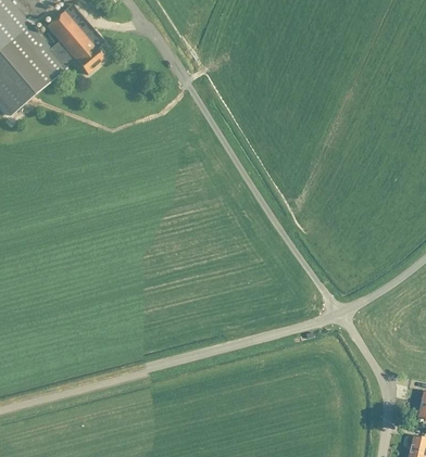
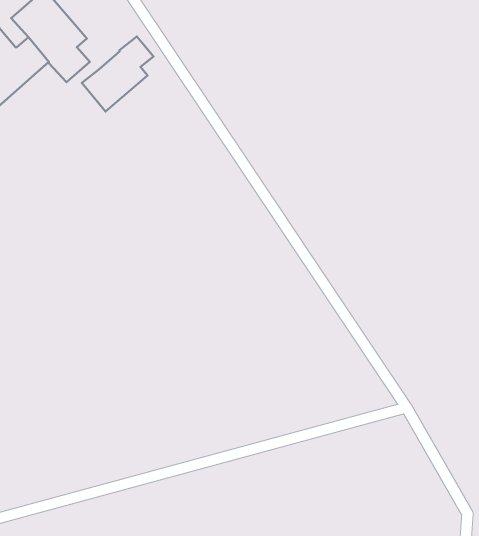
building: none -> [82,37,153,111]

